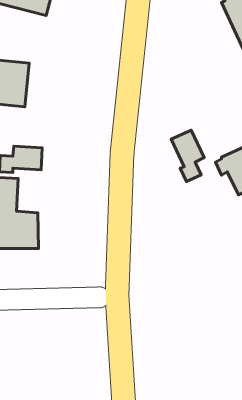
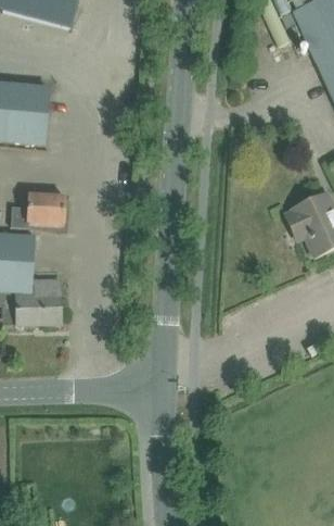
building: [171,130,204,182] -> none

